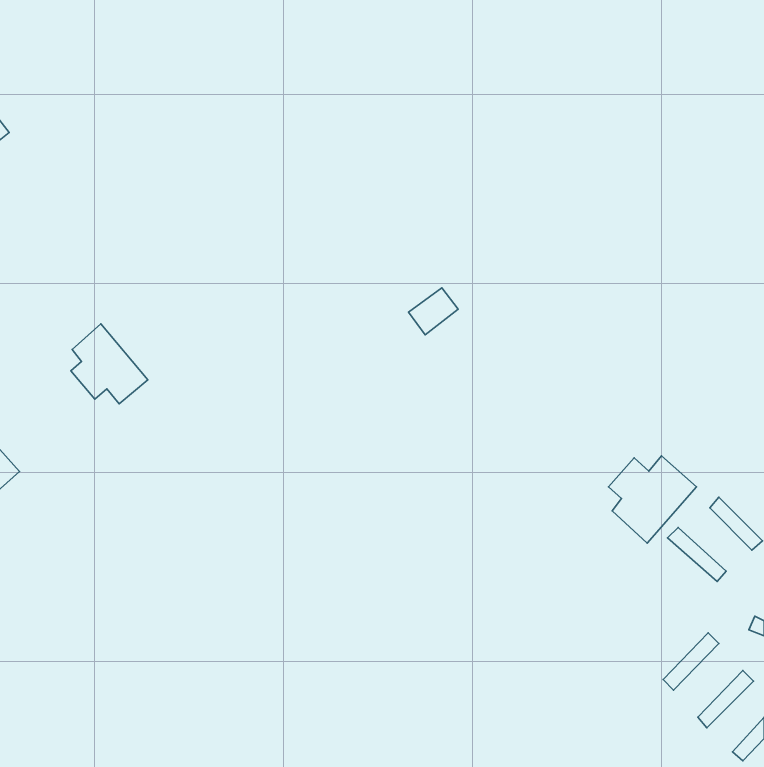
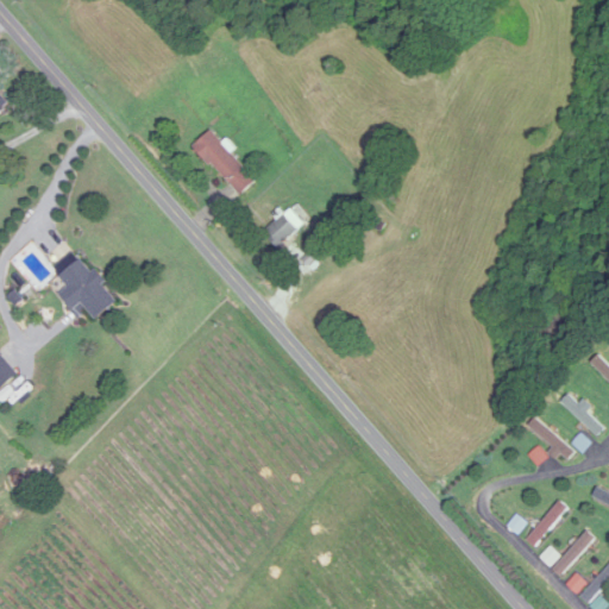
building: none -> [193,130,253,195]
building: [409,288,458,335] -> [263,208,302,245]
building: [609,456,697,543] -> none

